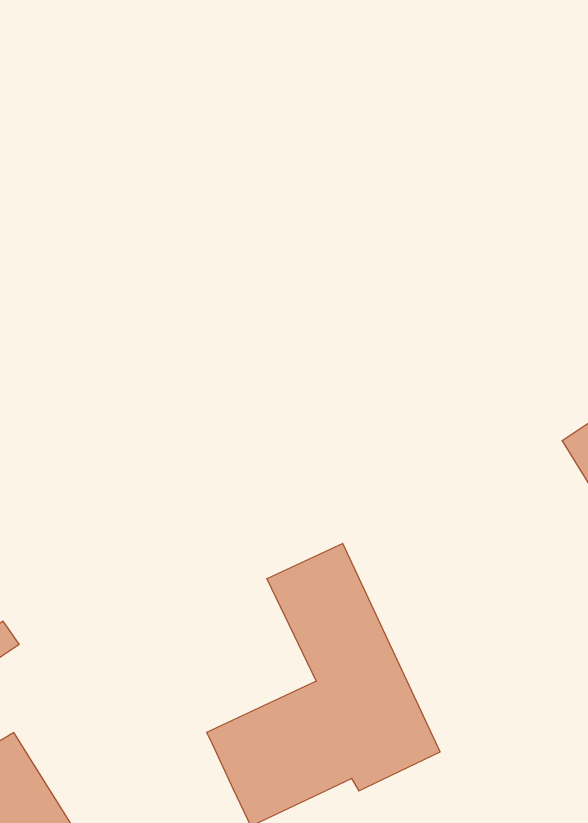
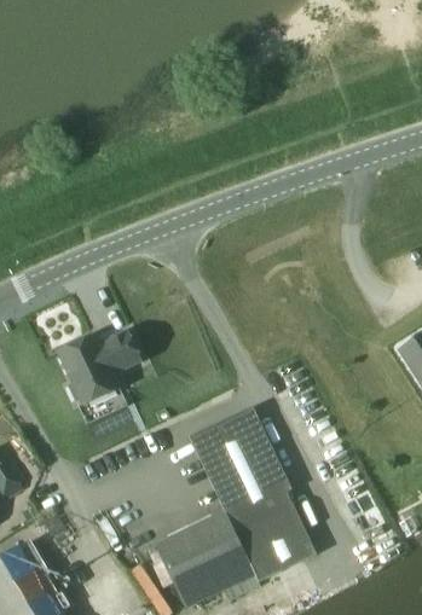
building: none -> [58,330,139,404]

